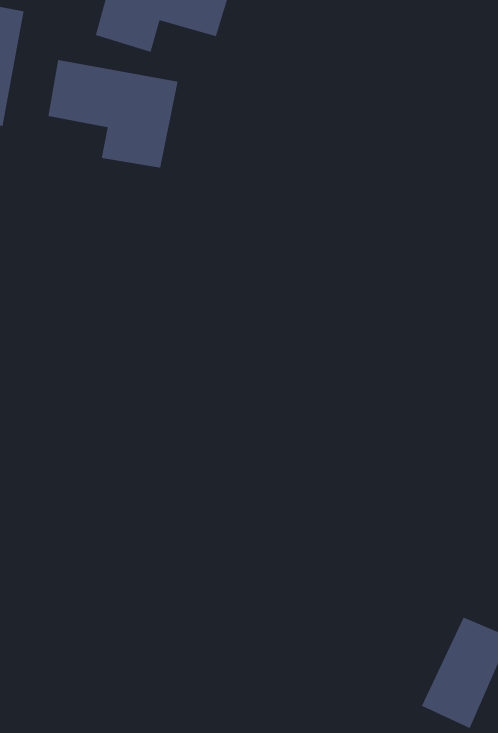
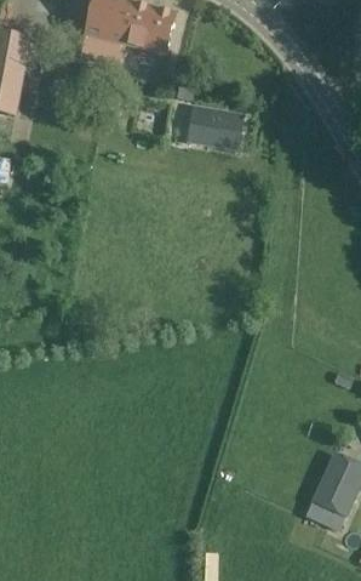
building: [48,59,178,168] -> none
building: none -> [188,106,241,147]

